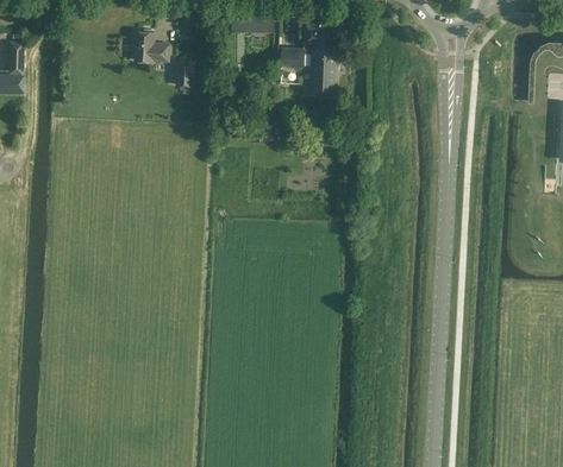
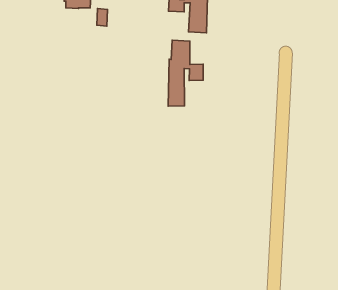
building: none -> [168,40,203,106]

